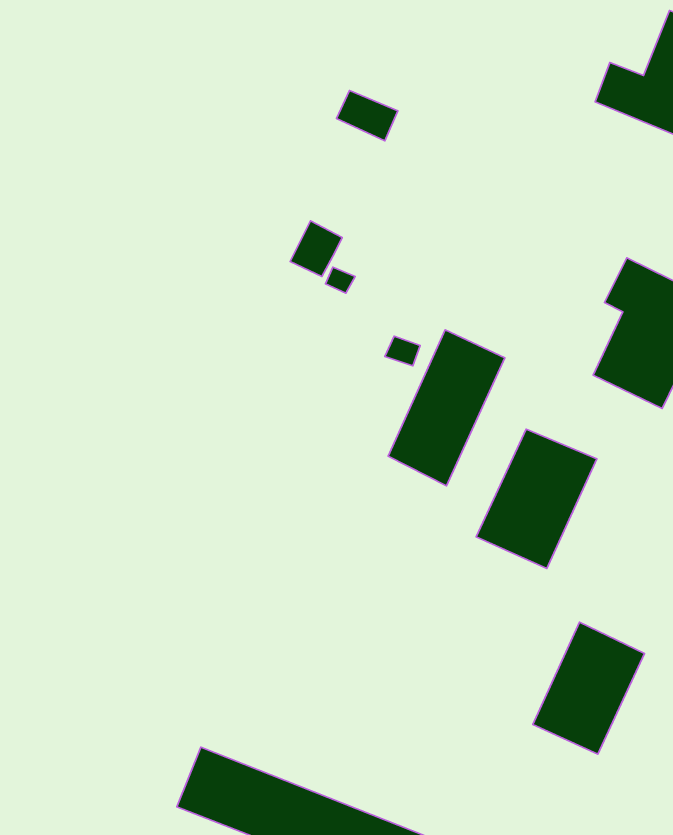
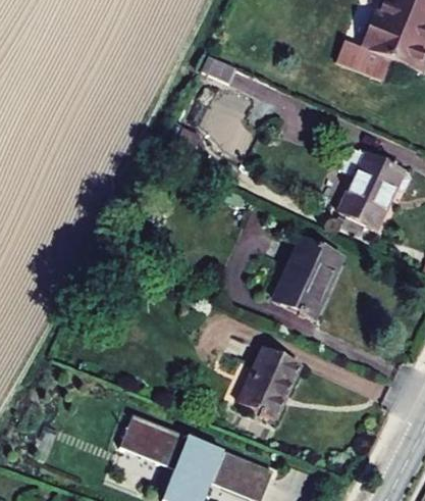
building: [388,330,505,486] -> none
building: [533,622,644,754] -> [238,346,300,418]

